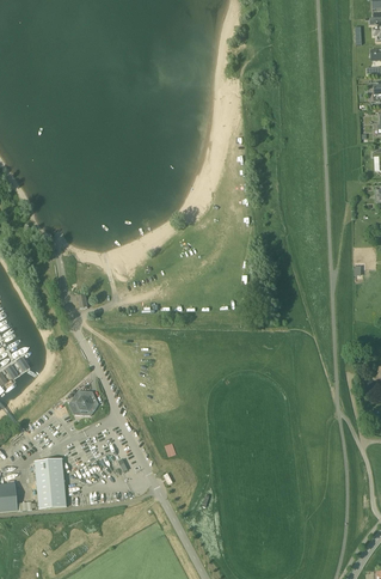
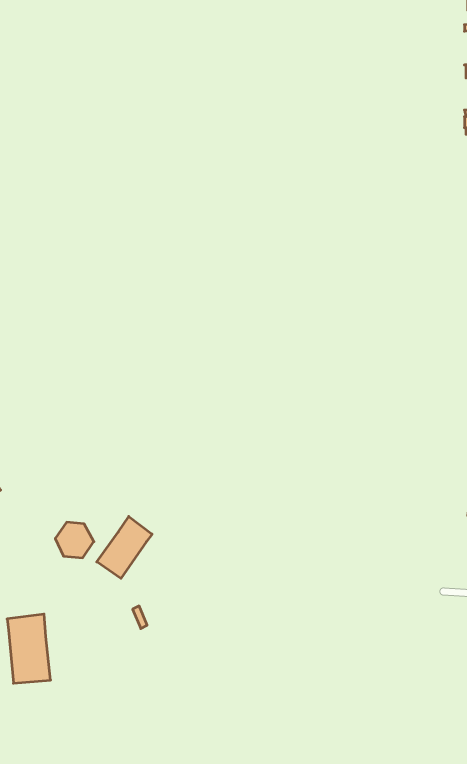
building: none -> [97,516,152,578]

